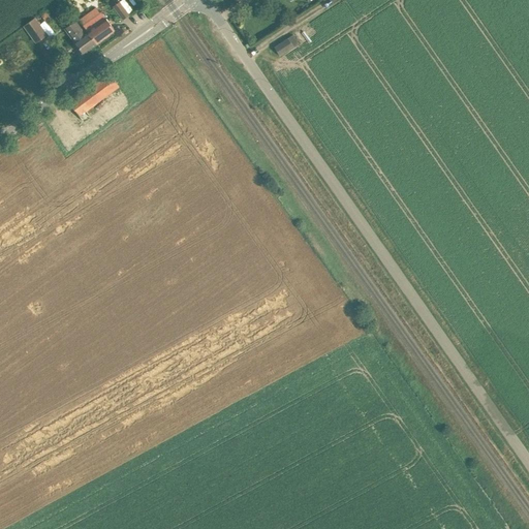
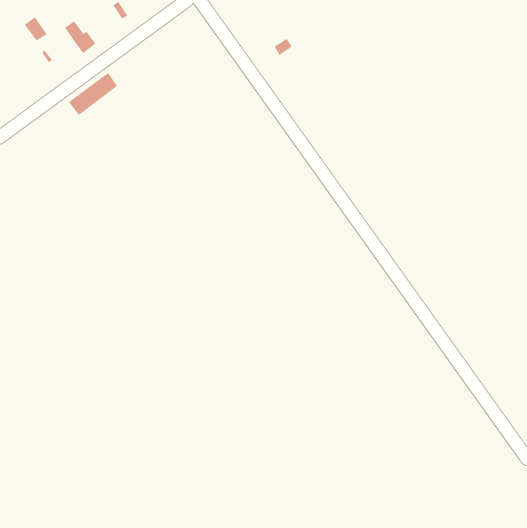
building: [82,11,113,43] -> none

